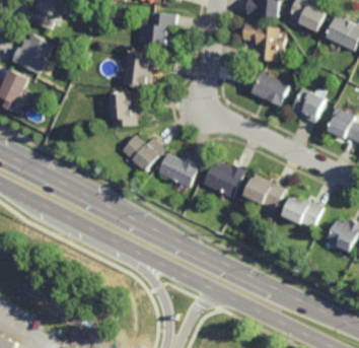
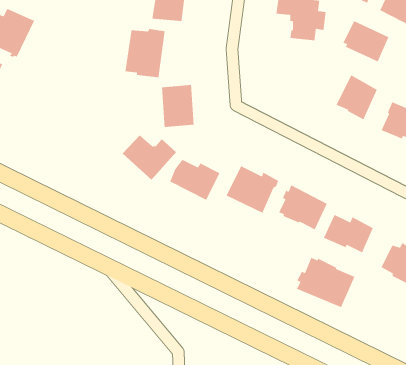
building: [249,72,287,106] -> [342,20,390,62]
building: [111,92,137,127] -> [161,84,195,128]
building: none -> [296,257,356,308]

